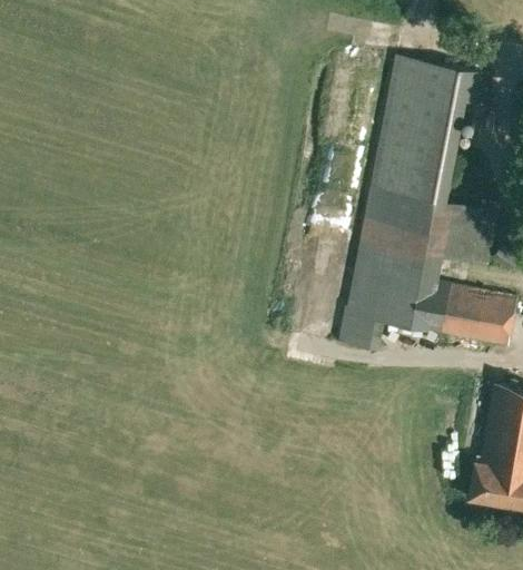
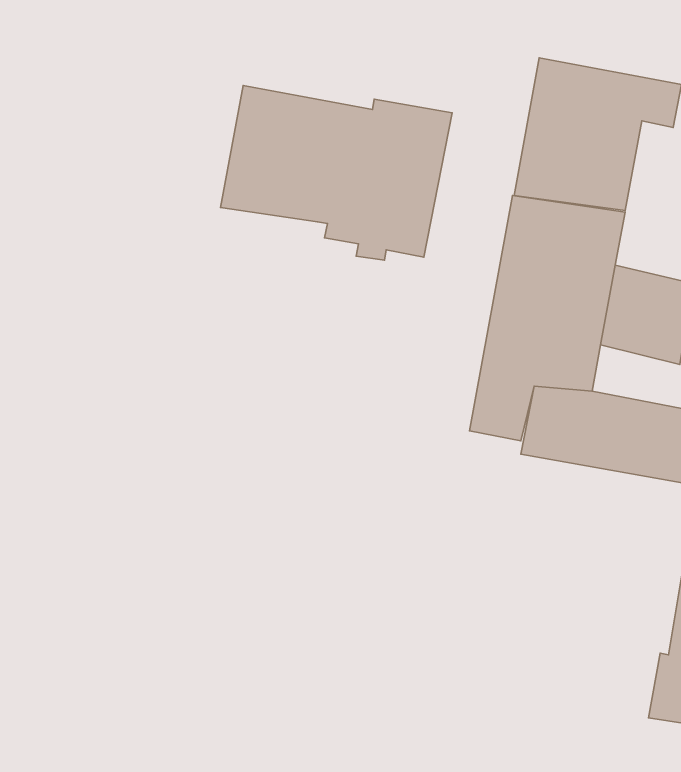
building: none -> [220,86,452,260]
building: [337,307,382,351] -> none

